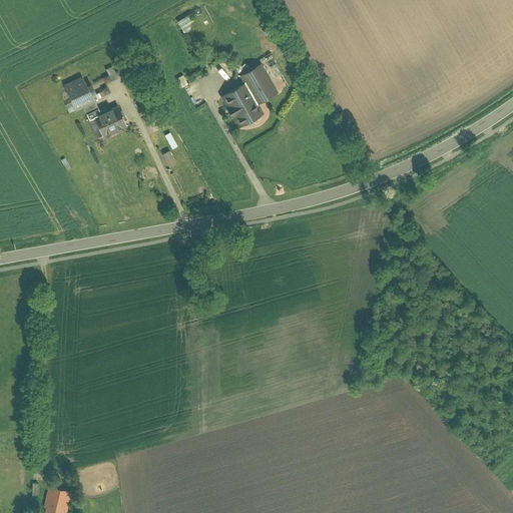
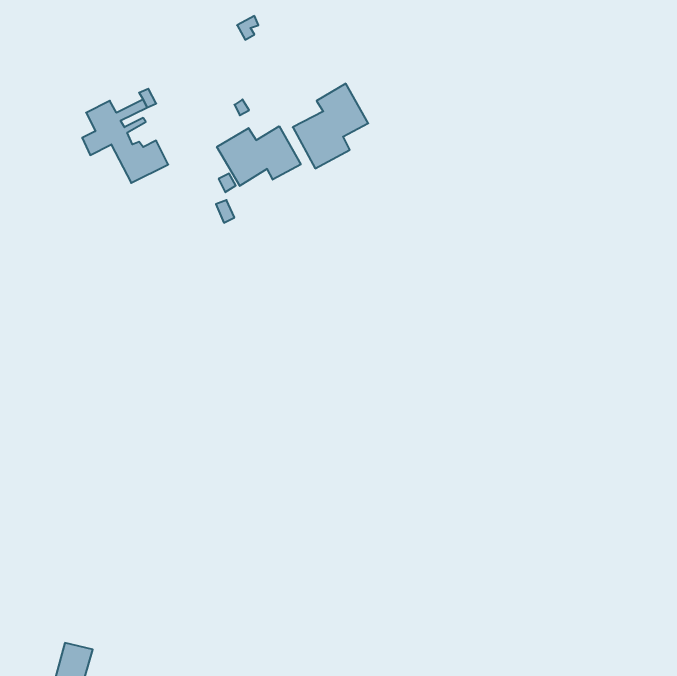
building: none -> [217,126,301,186]

